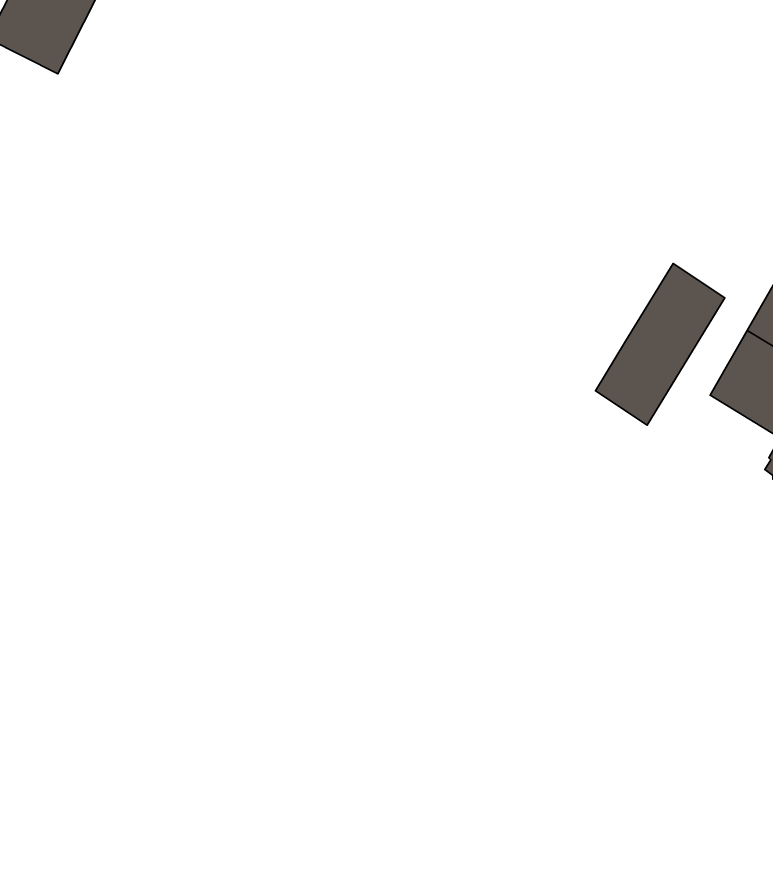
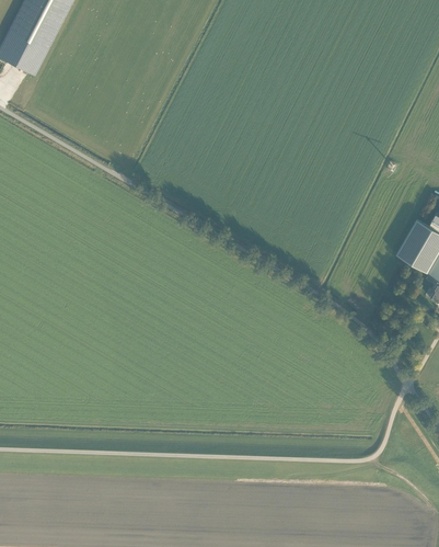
building: [595,264,725,425] -> none

